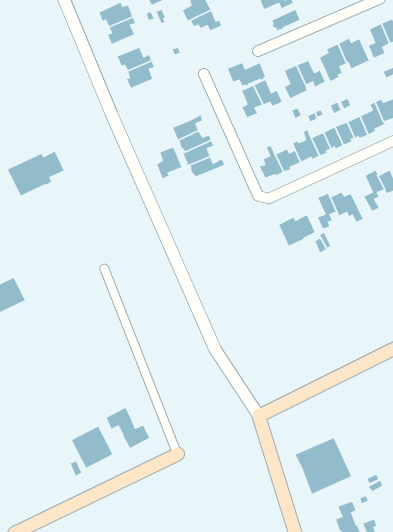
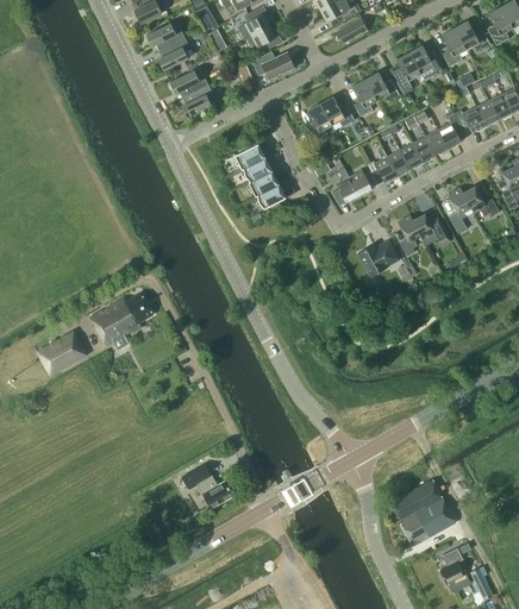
building: [227,62,266,87] -> [251,50,294,79]
building: [156,146,183,179] -> none
building: [7,151,65,196] -> [89,291,152,344]
building: [71,425,114,469] -> none

